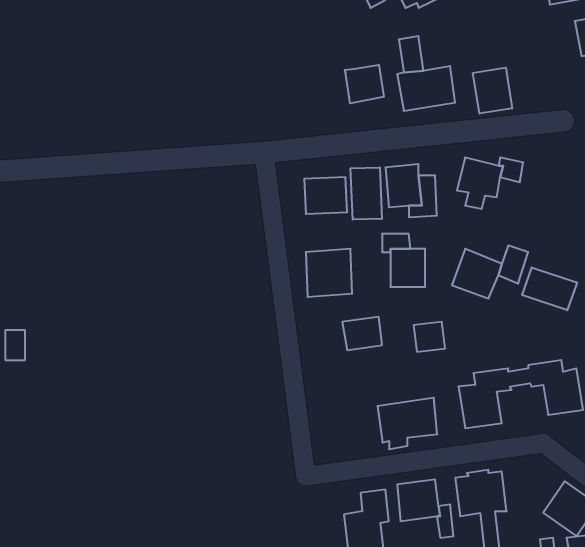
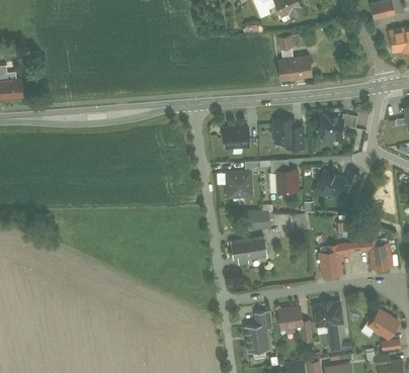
building: [345,65,384,103] -> none
building: [473,68,512,114] -> none
building: [351,167,382,220] -> none
building: [522,267,577,310] -> none
building: [377,398,437,449] -> [230,235,266,266]

